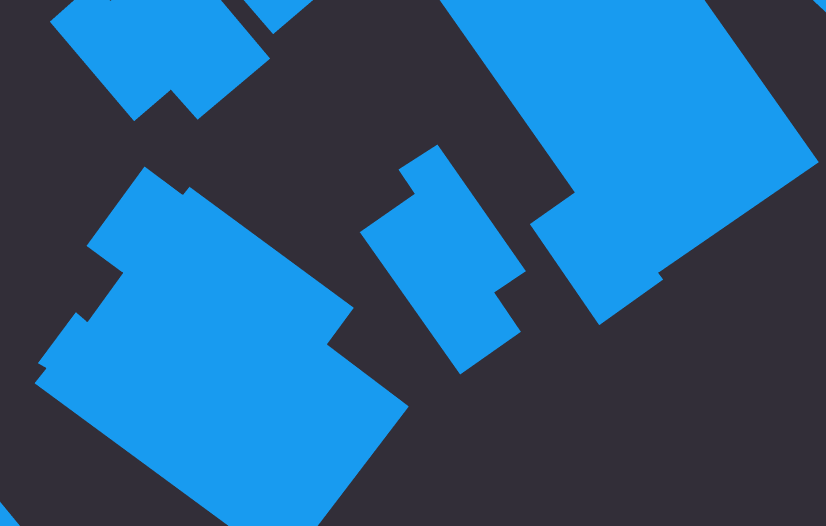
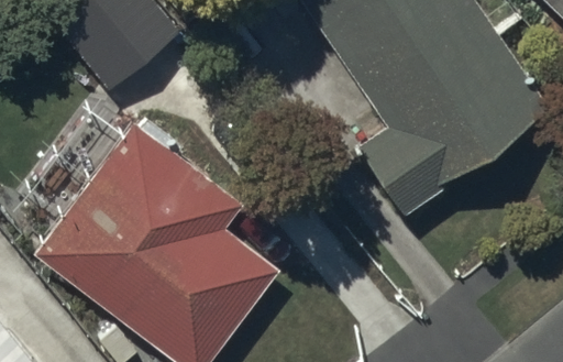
building: [359,143,527,376] -> none

